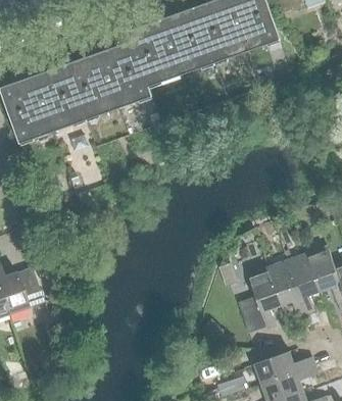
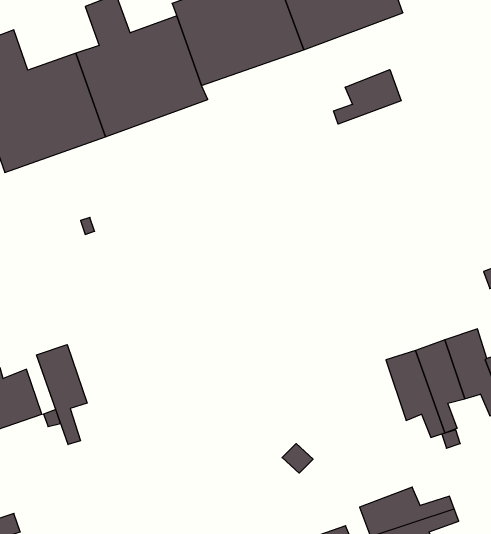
building: none -> [333,70,401,124]
building: none -> [37,345,87,445]
building: [237,266,283,333] -> none

